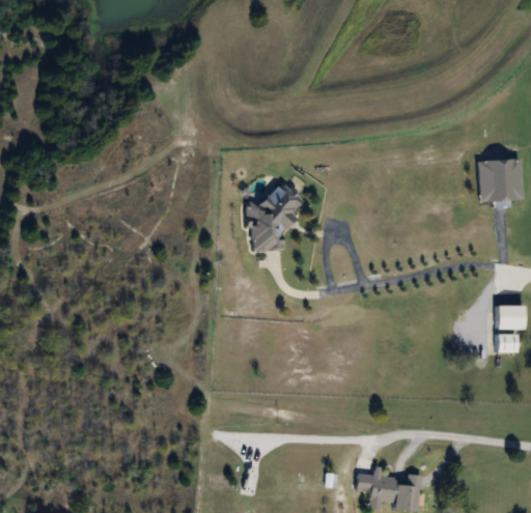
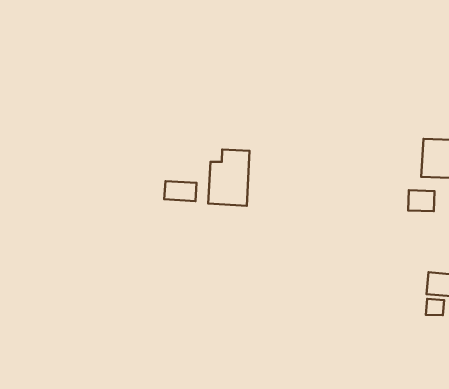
building: none -> [408,190,434,211]
building: none -> [164,181,197,201]

